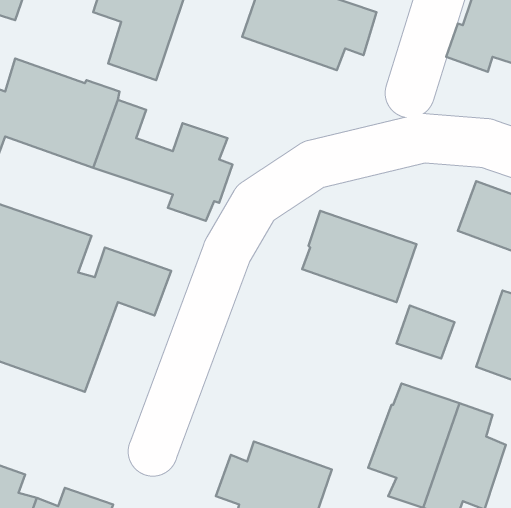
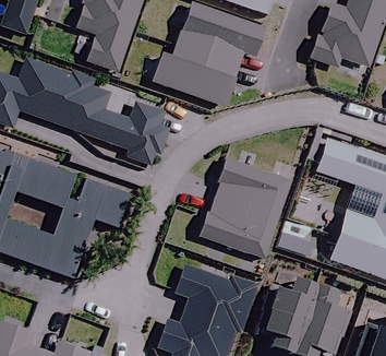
building: none -> [153,43,238,105]
building: none -> [198,195,277,258]
building: none -> [177,263,258,330]

